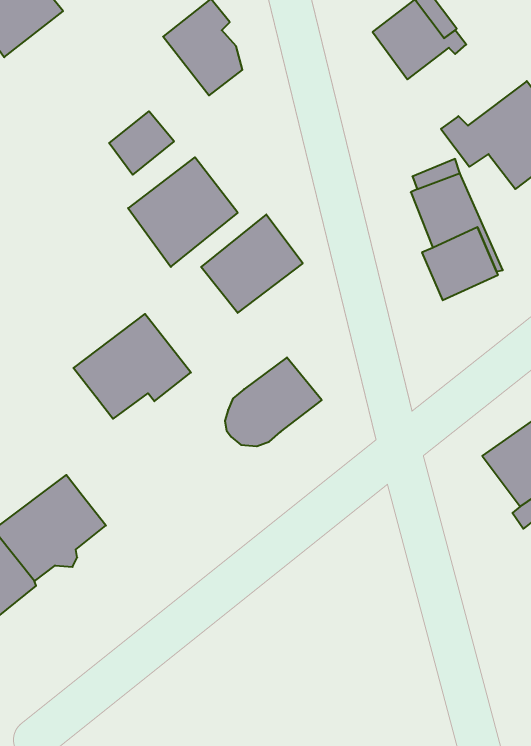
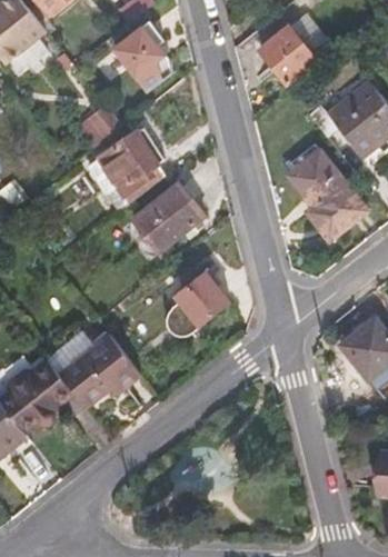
building: [73,314,191,419] -> [58,332,140,406]

